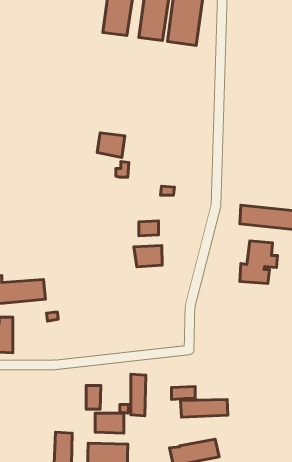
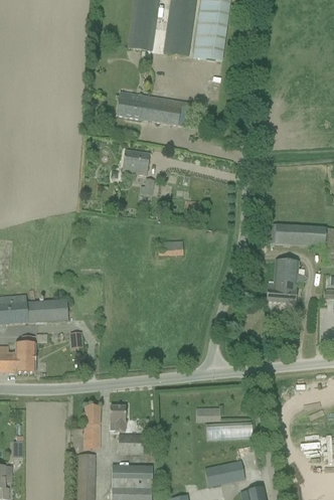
building: none -> [116,94,195,127]
building: [134,246,162,267] -> none
building: [131,374,146,416] -> [85,404,100,447]

